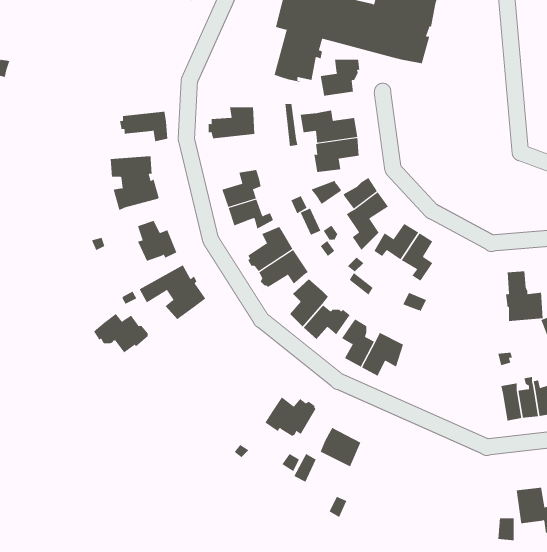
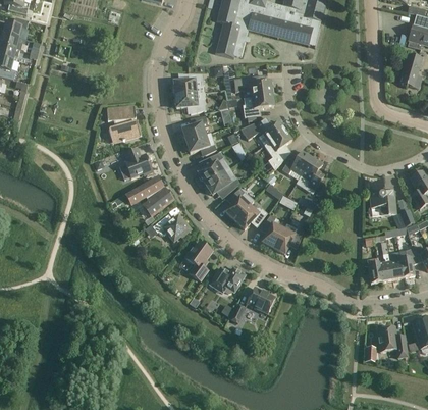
building: [320,59,360,97] -> none
building: [119,111,168,142] -> [172,92,205,112]
building: [93,313,148,353] -> [152,214,189,241]
building: none -> [184,242,211,280]

